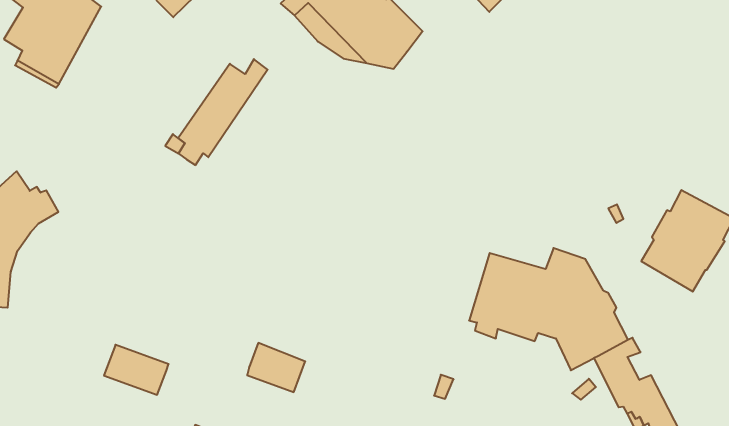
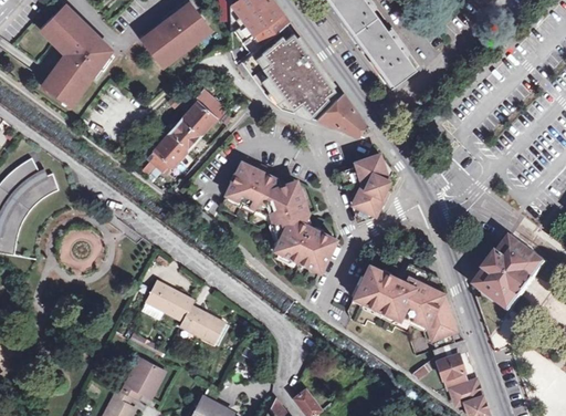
building: none -> [316,94,367,137]
building: none -> [343,156,389,218]
building: none -> [220,162,336,284]
building: [104,345,169,395] -> [148,282,196,322]

